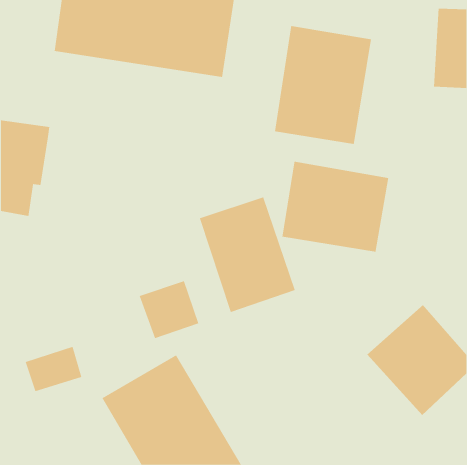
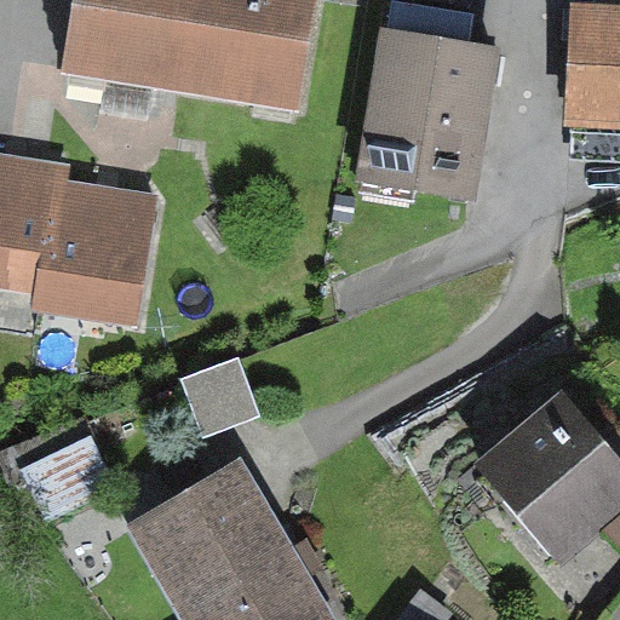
building: none -> [36,184,151,318]
building: [282,161,389,253] -> none
building: [199,196,296,313] -> none

